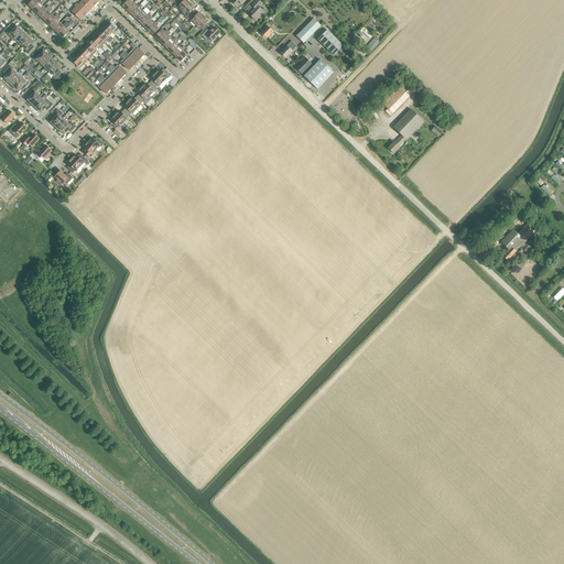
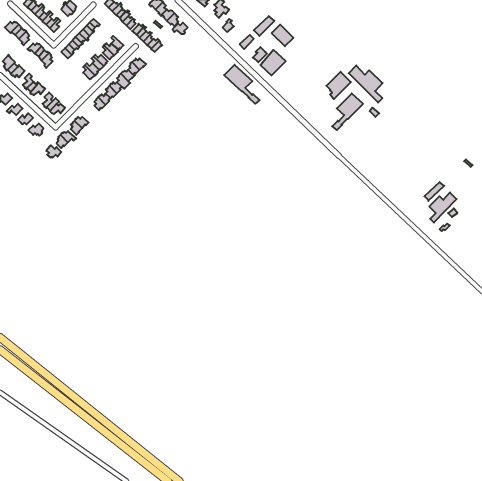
building: none -> [224,65,260,104]
building: none -> [349,65,383,103]

